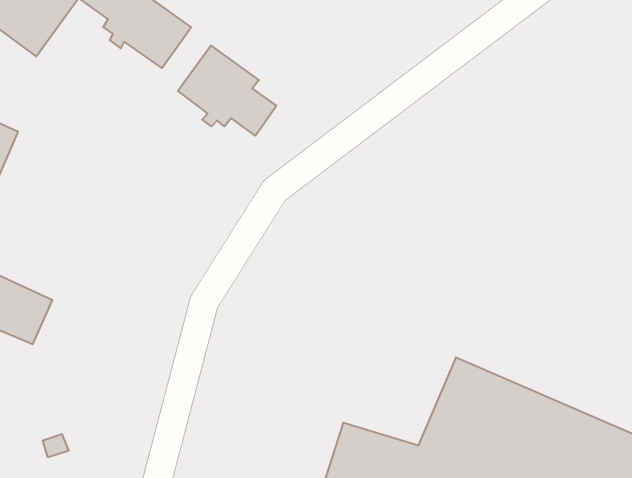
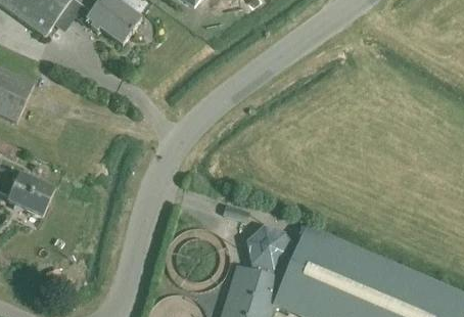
building: [178,45,276,136] -> none
building: none -> [246,229,292,272]

